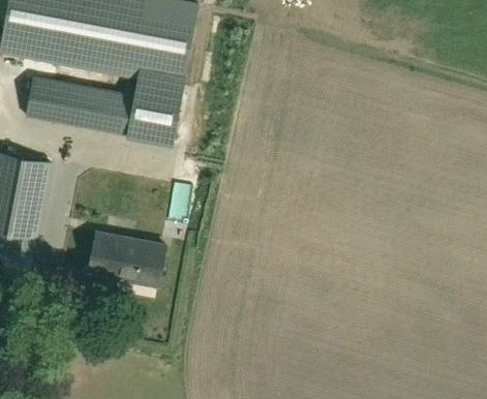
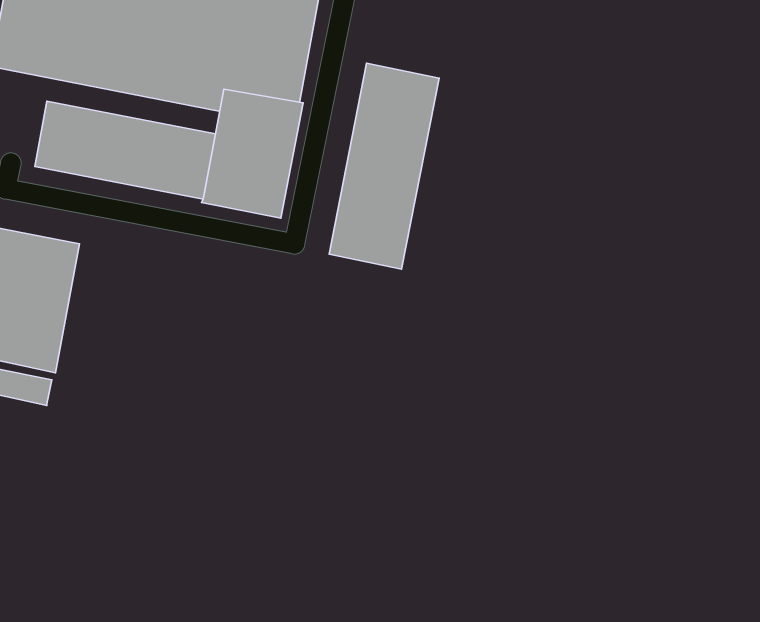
building: none -> [329,63,439,269]
building: [88,233,163,286] -> none

